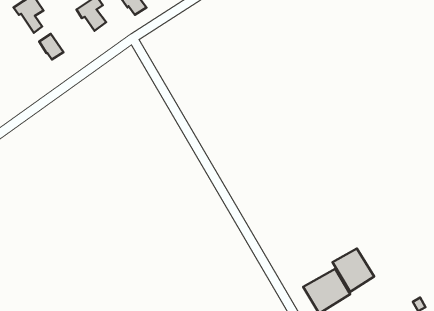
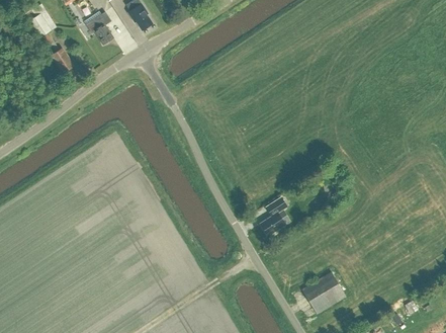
building: none -> [260,196,287,234]
building: [333,248,374,292] -> none

